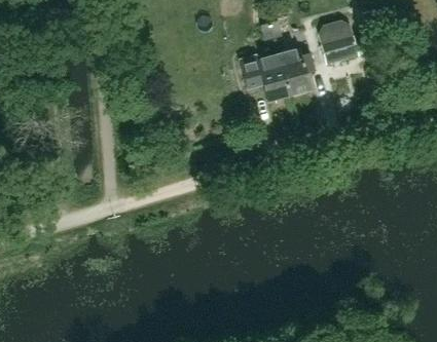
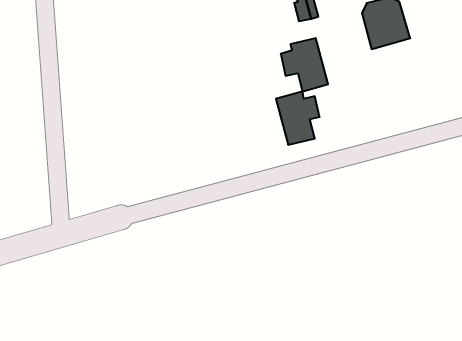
building: [278,48,315,93] -> [276,91,320,145]

